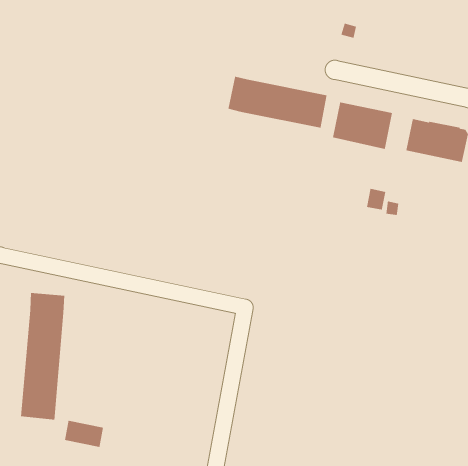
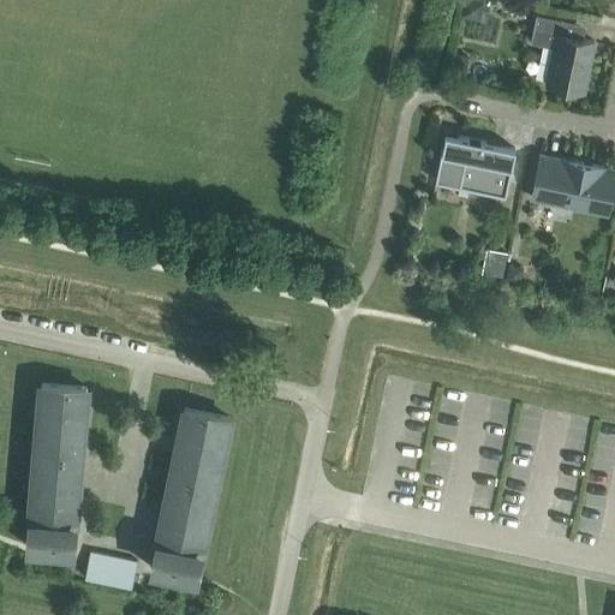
building: none -> [531,18,595,95]
building: [228,76,327,129] -> none
building: none -> [151,411,229,580]

